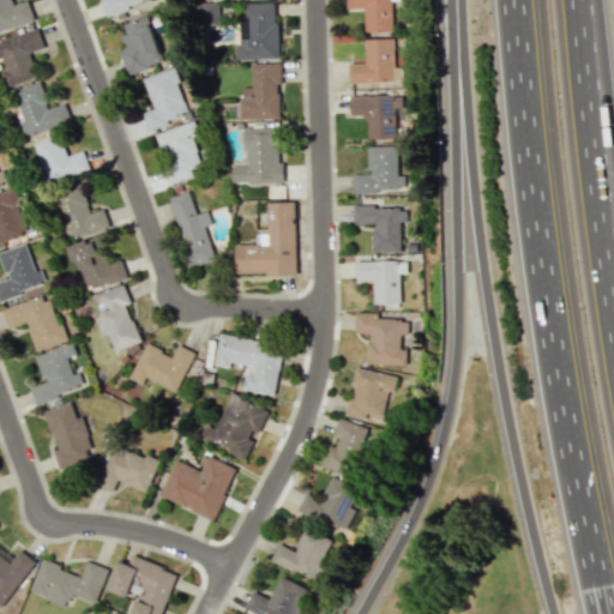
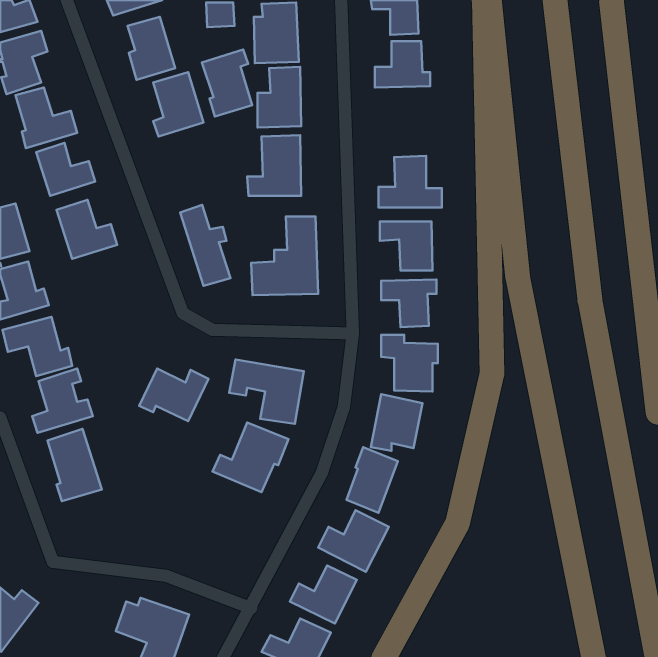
building: [350,95,401,139] -> none
building: [155,122,201,185] -> [202,50,252,117]
building: [70,236,127,291] -> none
building: [94,285,140,353] -> none
building: [96,445,157,493] -> none
building: [159,456,235,520] -> none
building: [30,561,107,606] -> none

